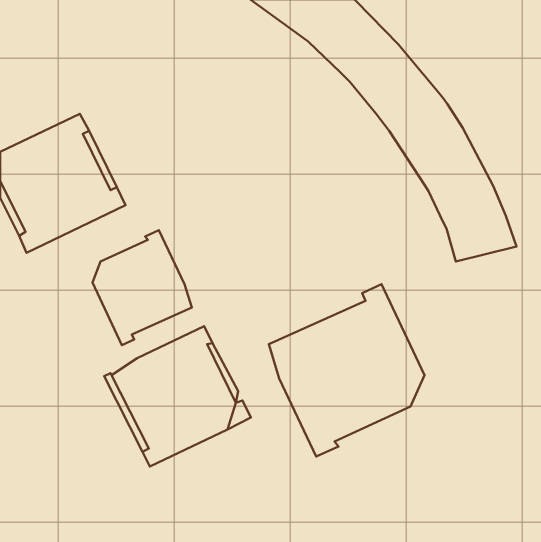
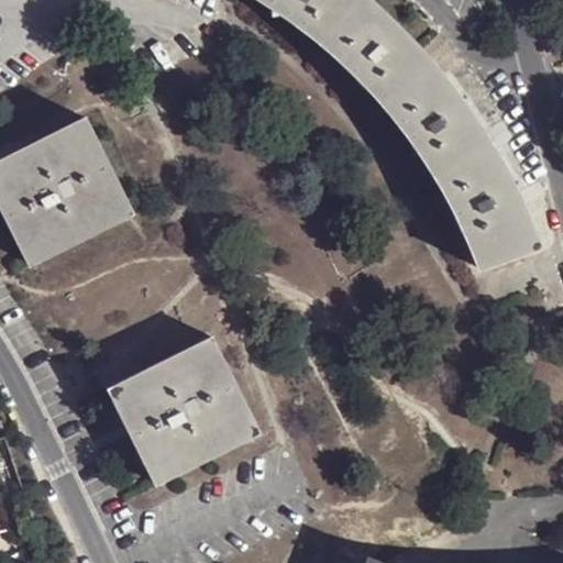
building: [92,230,192,345] -> none
building: [269,284,425,457] -> none

